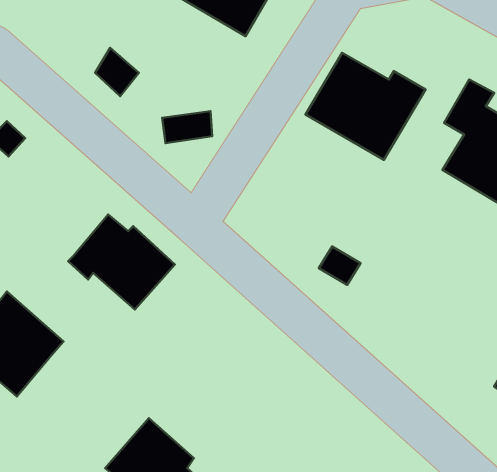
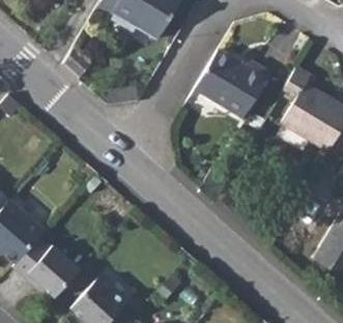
building: [68,214,175,309] -> [12,237,79,296]

